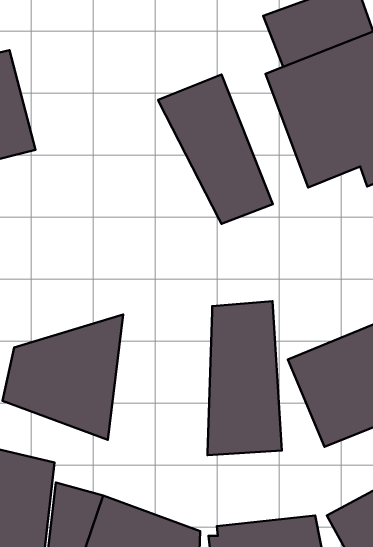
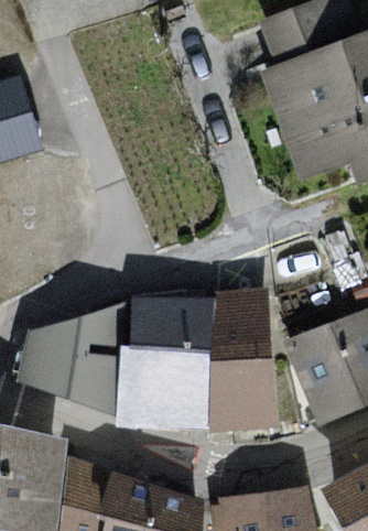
building: [158,75,273,224] -> none
building: none -> [115,296,213,430]

